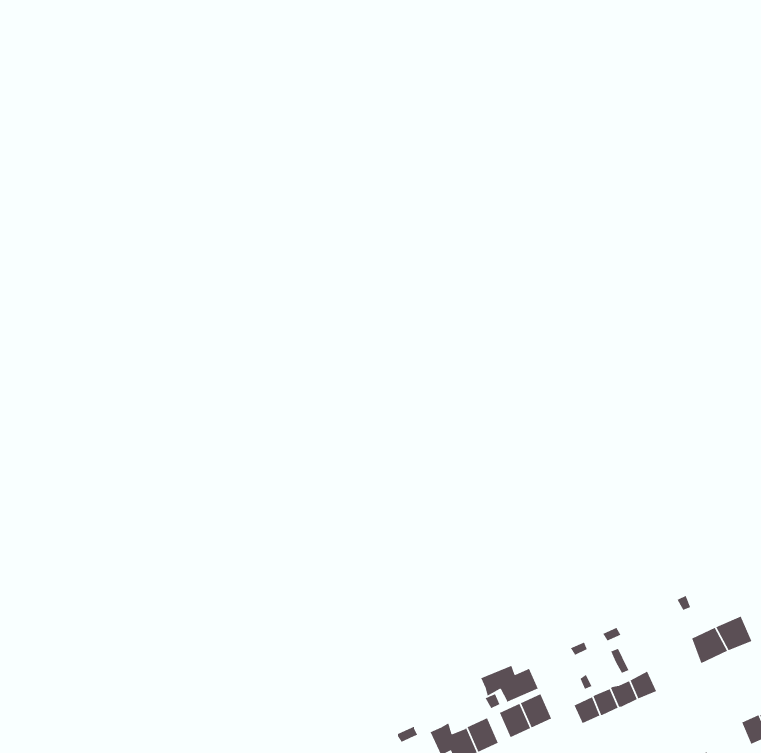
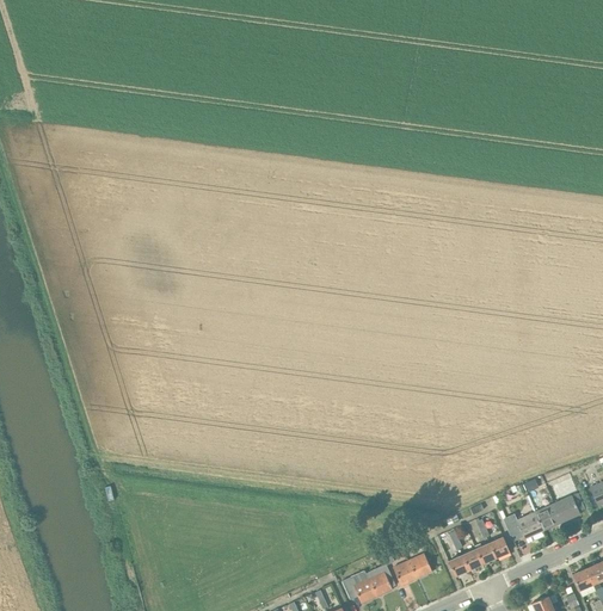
building: none -> [503,512,542,542]
building: [480,665,539,703] -> none

